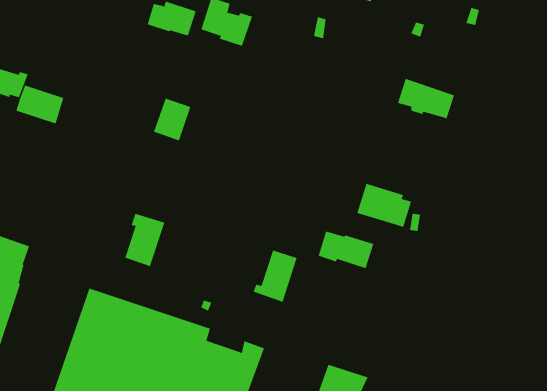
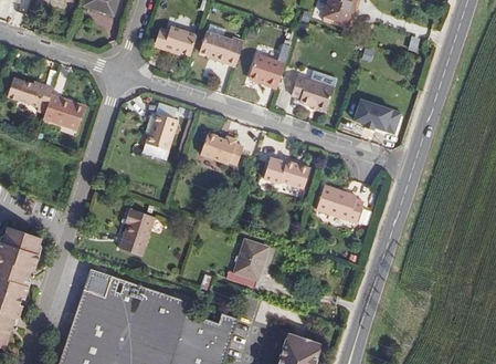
building: none -> [249,52,284,86]
building: none -> [293,72,335,106]
building: none -> [200,131,243,163]
building: [318,231,374,269] -> [262,155,309,187]

